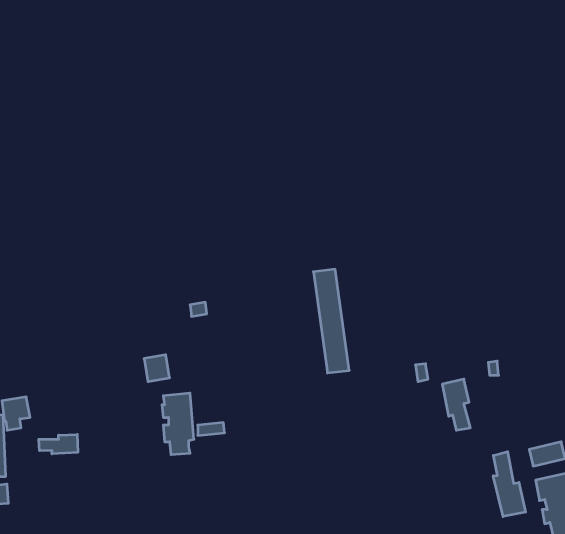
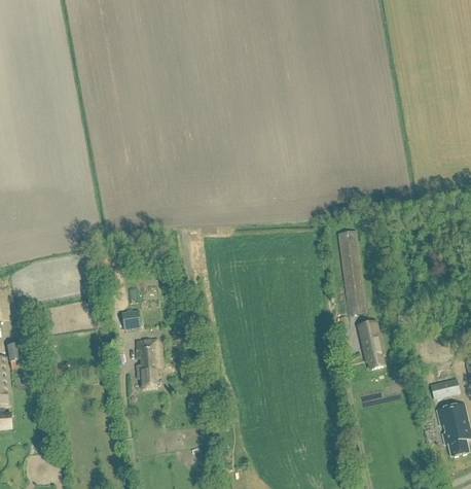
building: [313,269,349,373] -> [337,230,366,313]
building: [39,434,78,454] -> none
building: [493,452,526,517] -> none

